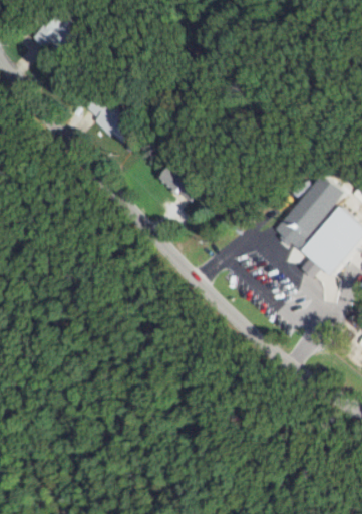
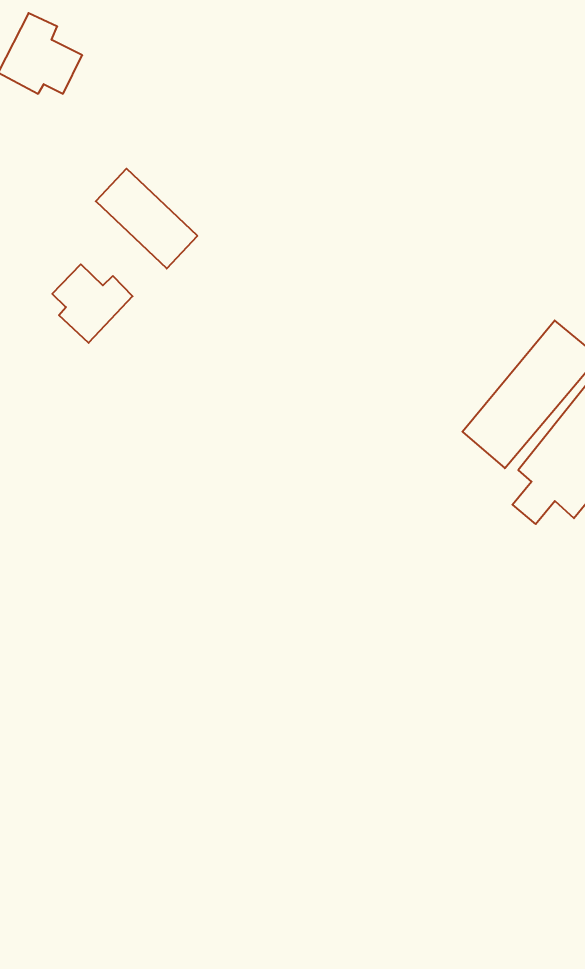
building: none -> [52,264,133,343]
building: [160,166,200,202] -> none

